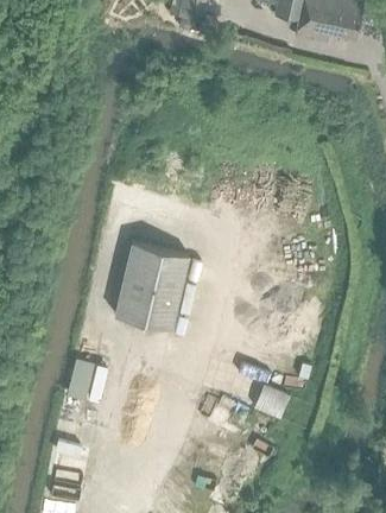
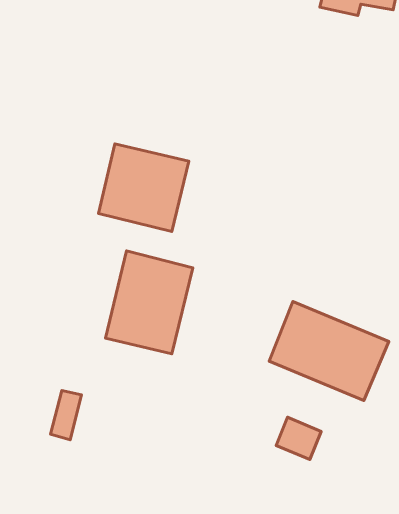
building: none -> [98,144,189,232]
building: none -> [269,302,389,400]

